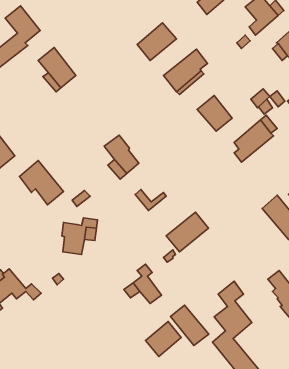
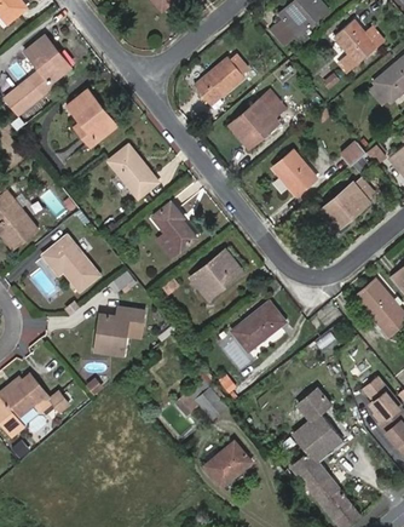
building: none -> [108,143,157,197]
building: none -> [198,251,242,287]
building: [171,305,209,345] -> none

